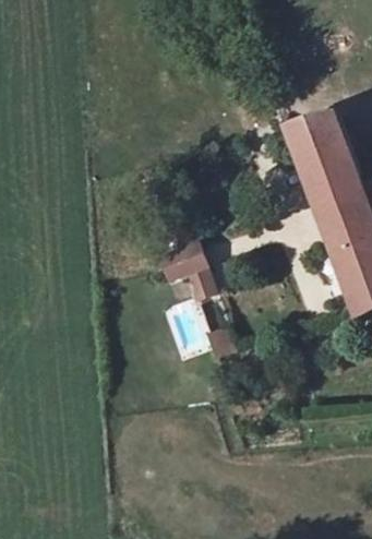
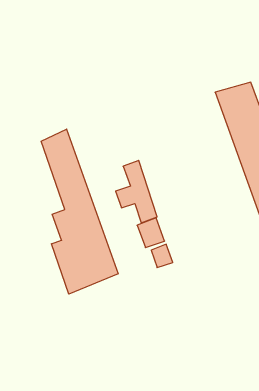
building: none -> [41,129,118,294]

